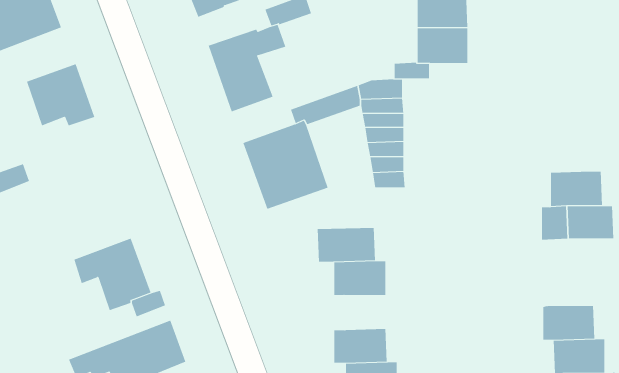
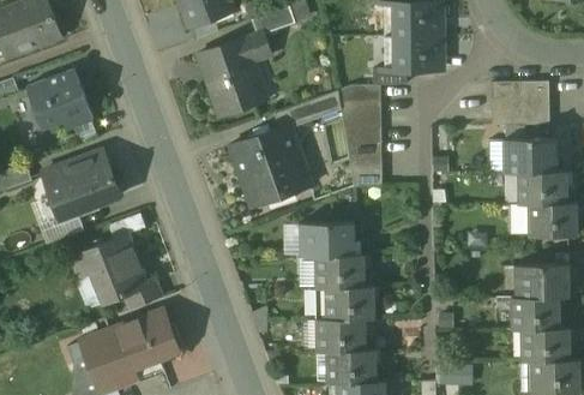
building: none -> [494,79,552,125]
building: none -> [502,139,556,173]
building: none -> [42,151,121,219]
building: none -> [514,265,568,298]
building: none -> [325,287,375,321]

